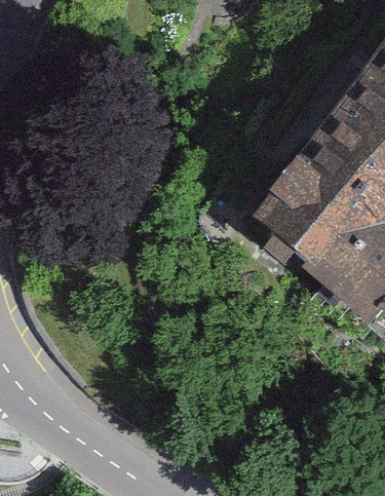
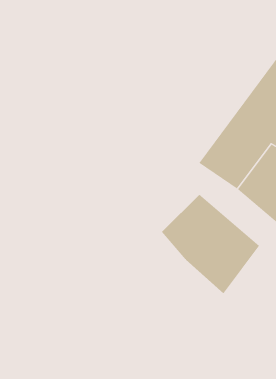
building: none -> [161,194,260,294]

